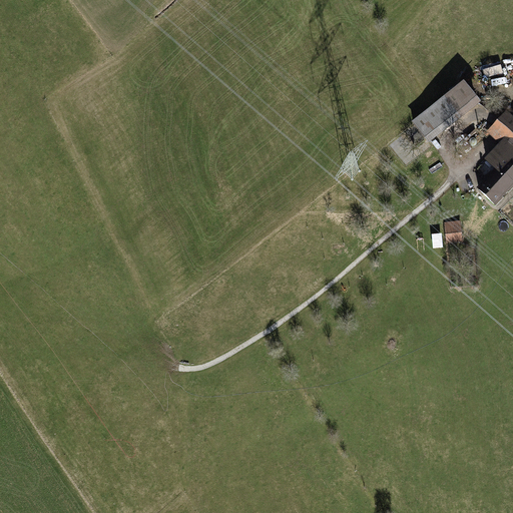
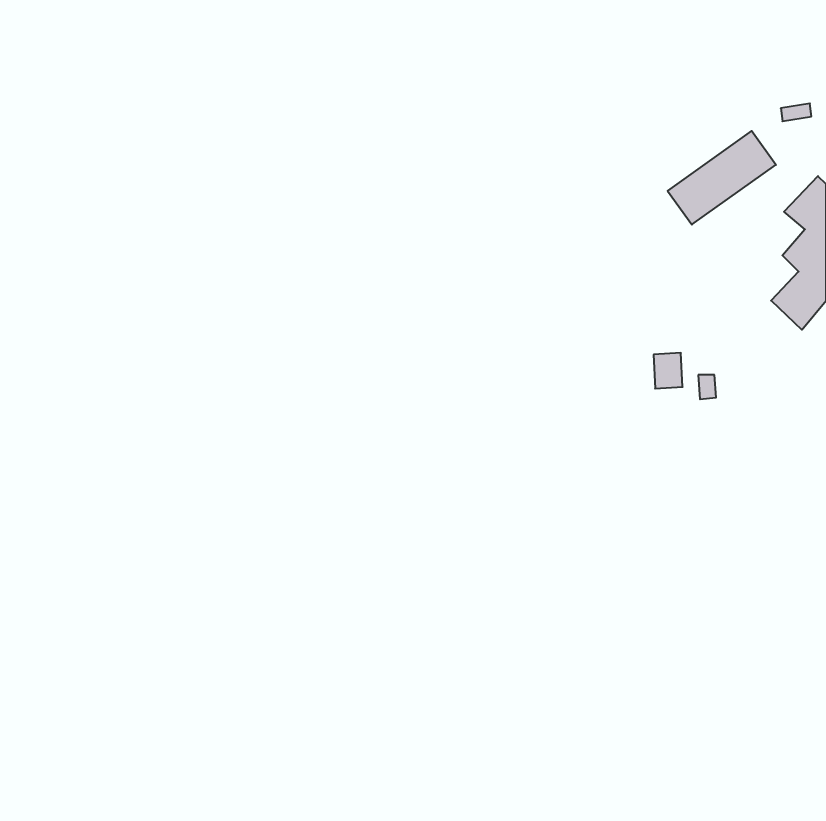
building: [445,217,463,239] -> [654,353,683,389]

